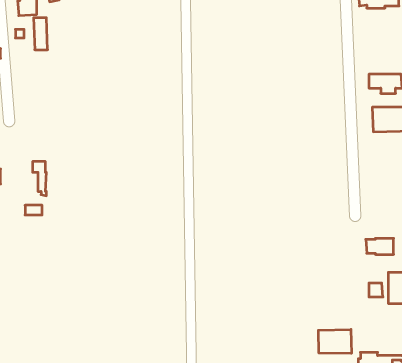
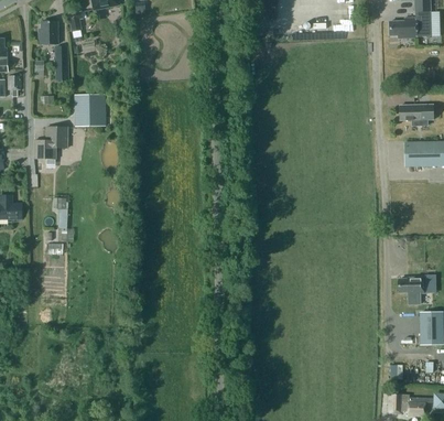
building: none -> [75,95,105,126]
building: none -> [34,128,68,160]
building: [318,329,351,353] -> none

